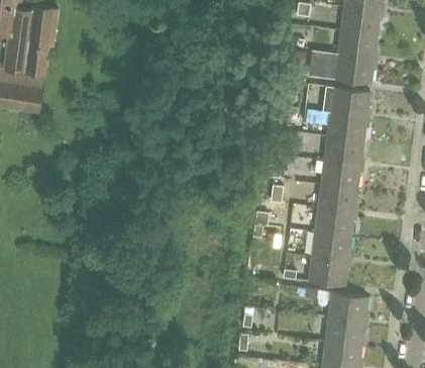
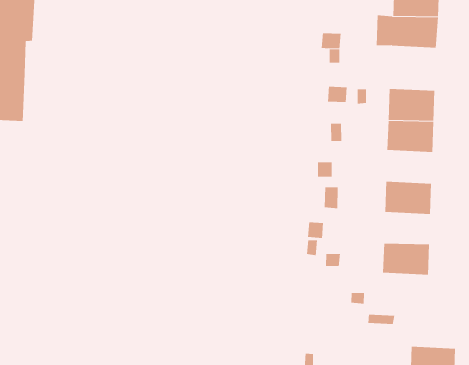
building: [321,87,368,118] -> none
building: [320,162,359,191] -> none
building: [314,210,353,239] -> none
building: [308,258,347,287] -> none
building: [328,293,367,323] -> none

